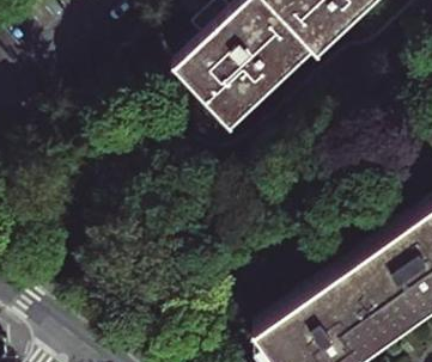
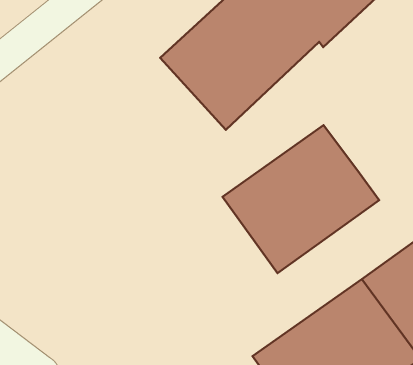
building: none -> [223,125,379,273]

